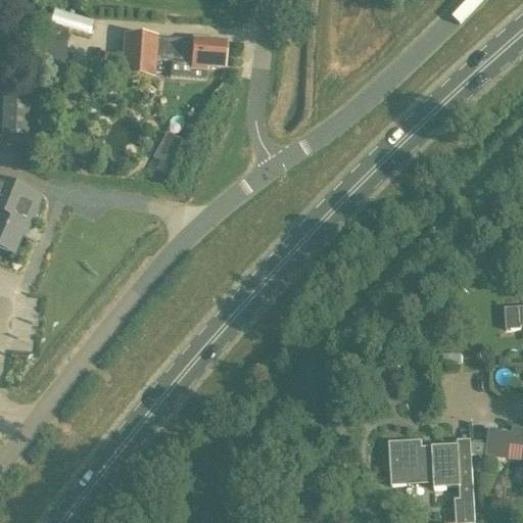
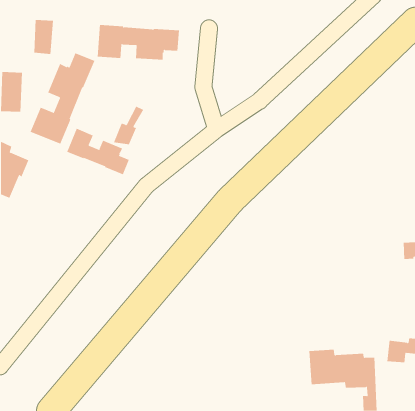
building: none -> [30,53,95,144]
building: none -> [67,128,129,175]

